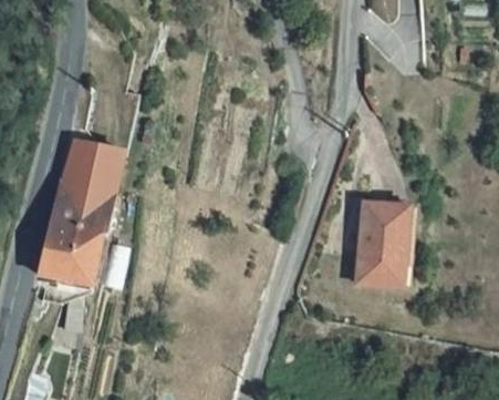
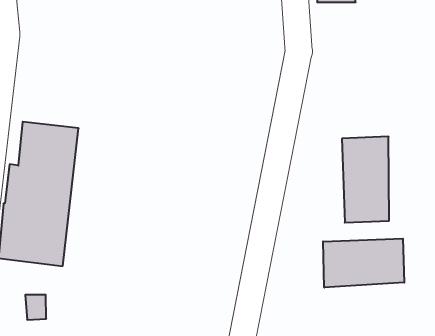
building: none -> [323,239,404,288]

